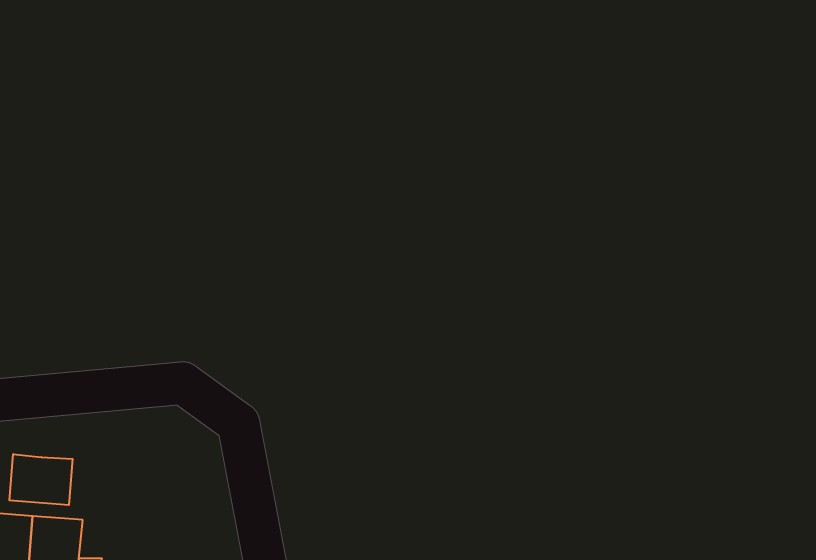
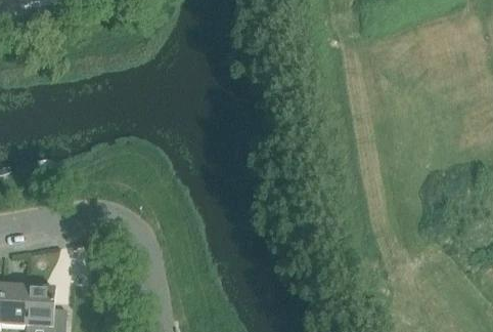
building: [10,454,73,505] -> none

